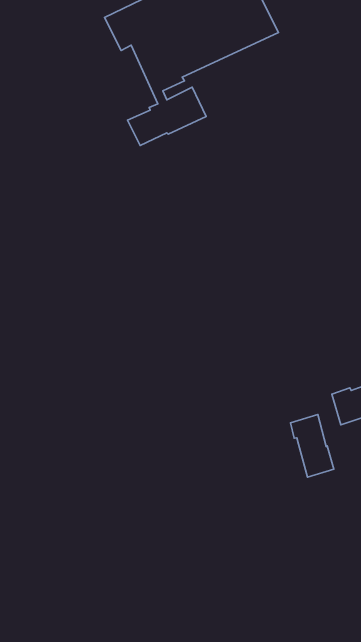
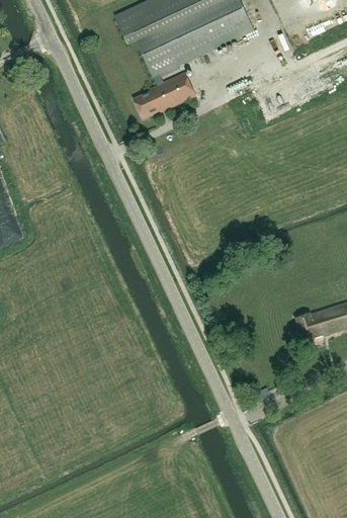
building: [291,415,334,477] -> none

